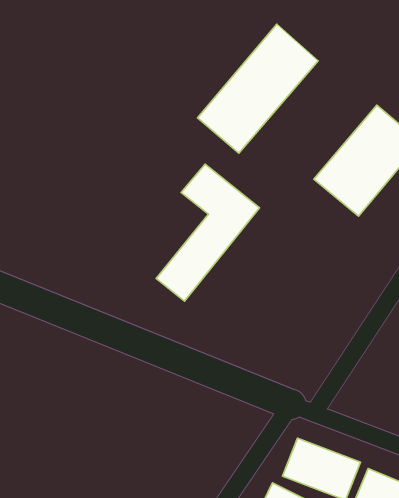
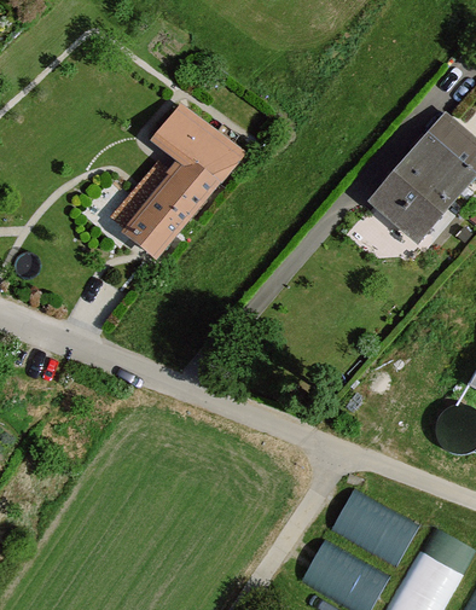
building: [198,24,318,153] -> none
building: [156,164,260,301] -> [122,108,237,260]

